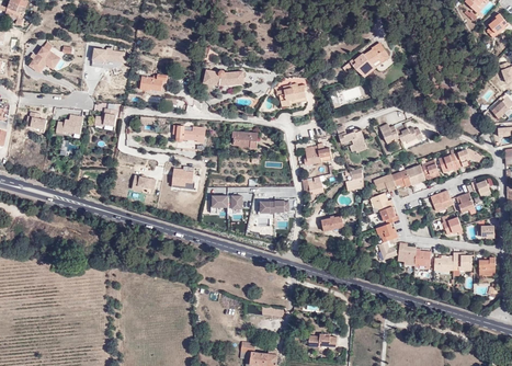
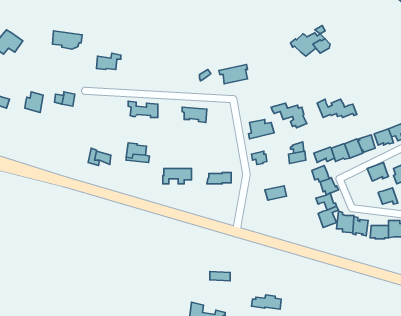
building: [204,69,243,85] -> none

